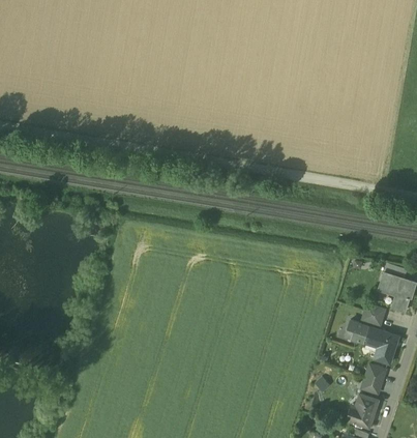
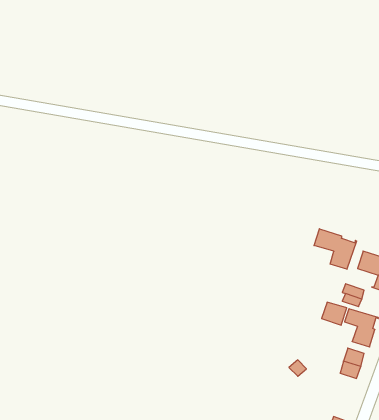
building: none -> [314,229,357,269]
building: [347,395,378,427] -> none

